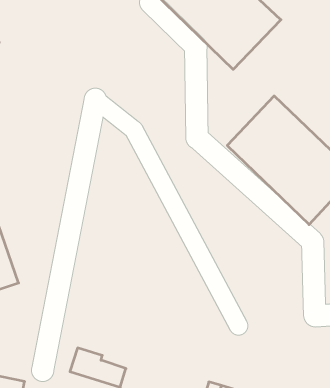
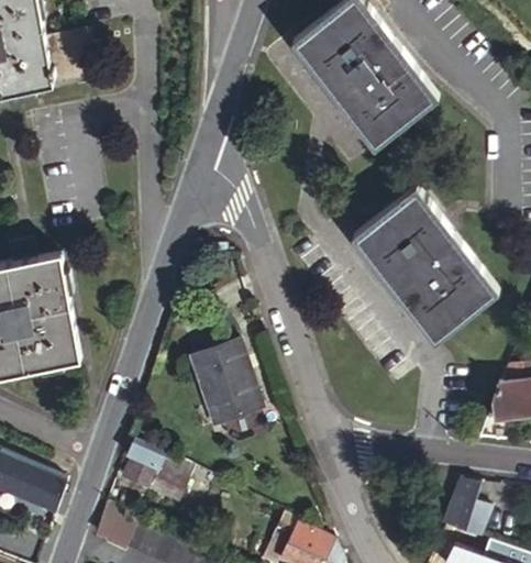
building: none -> [195,343,262,426]

